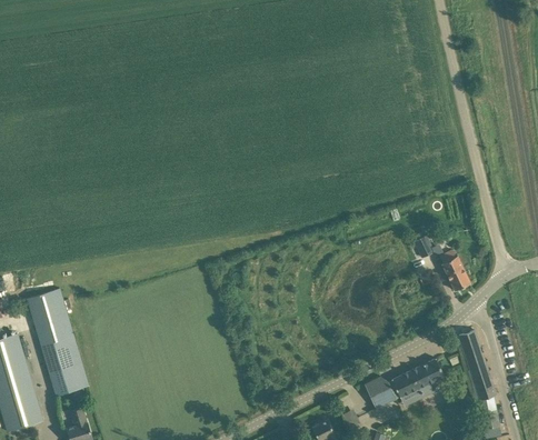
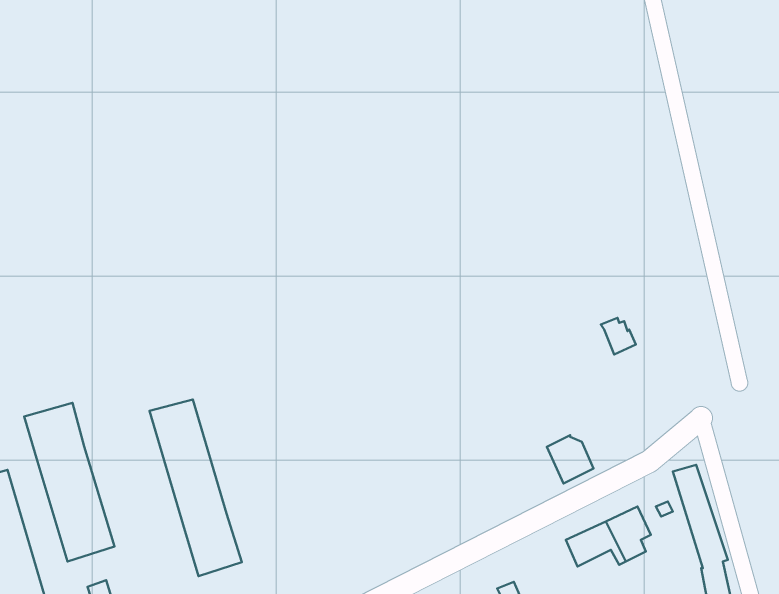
building: [440,250,470,291] -> none
building: none -> [150,399,242,576]
building: [365,377,396,409] -> [547,435,593,484]

